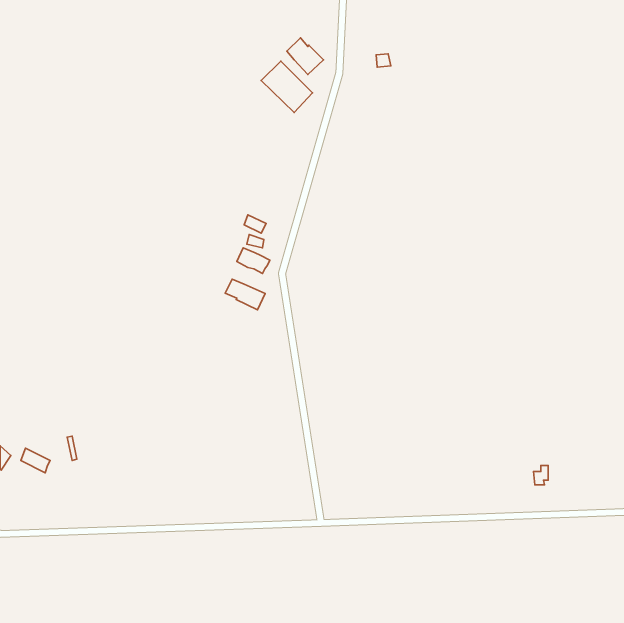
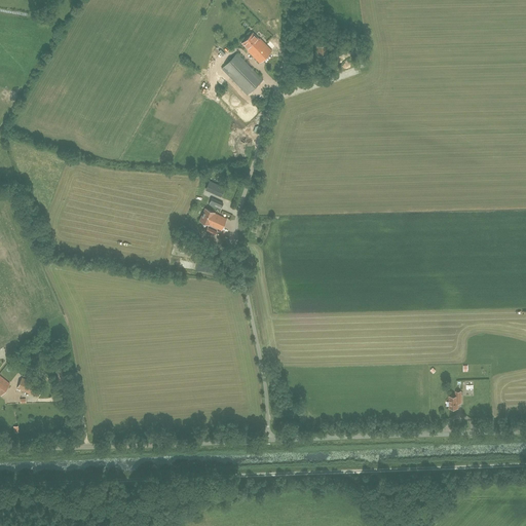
building: [225,279,265,310] -> none

